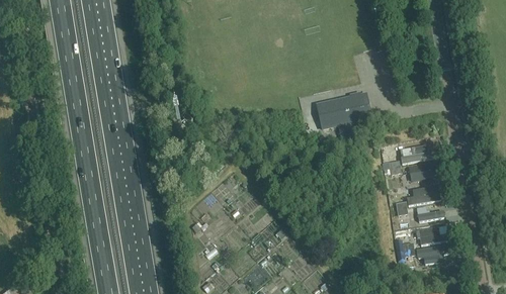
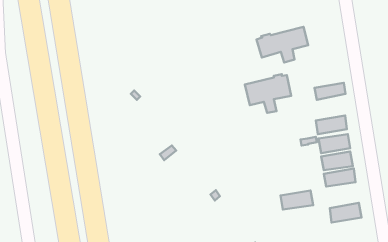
building: none -> [257,27,308,63]
building: none -> [315,83,346,100]
building: [412,223,450,246] -> [280,190,313,209]

